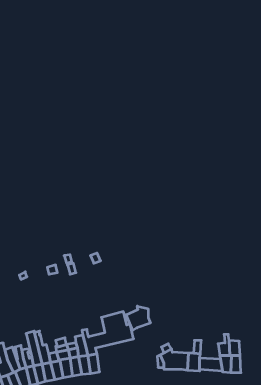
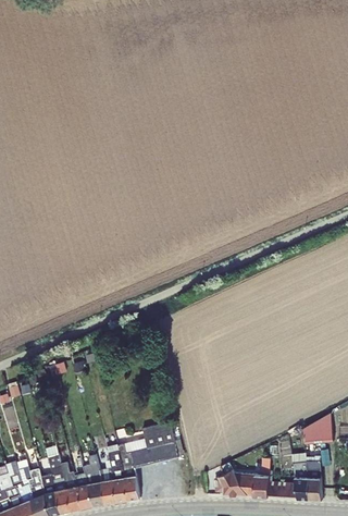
building: none -> [302,413,333,445]
building: [126,306,150,330] -> none

